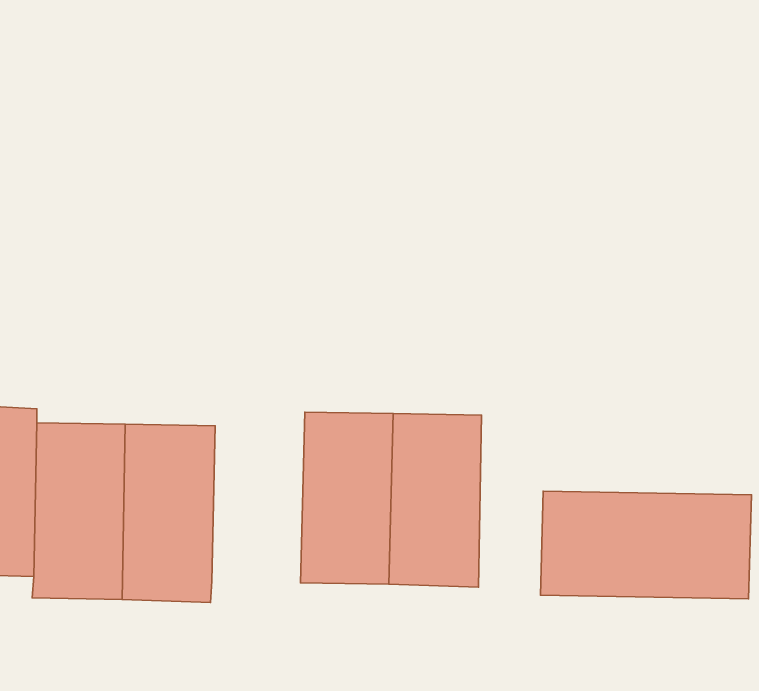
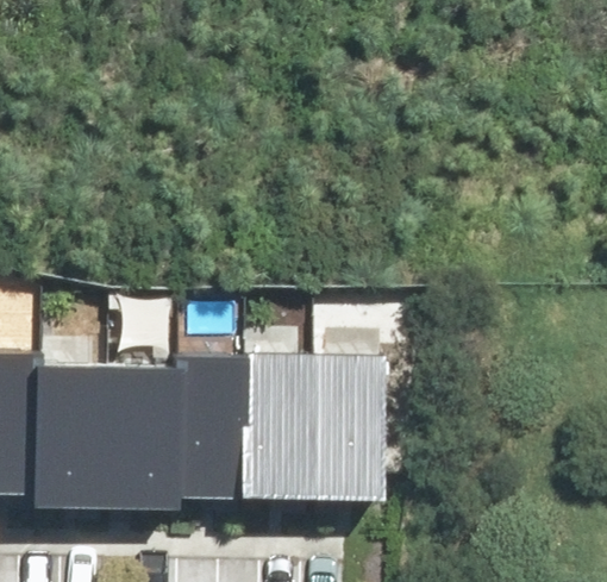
building: none -> [176,358,249,493]
building: [540,491,751,599] -> none

